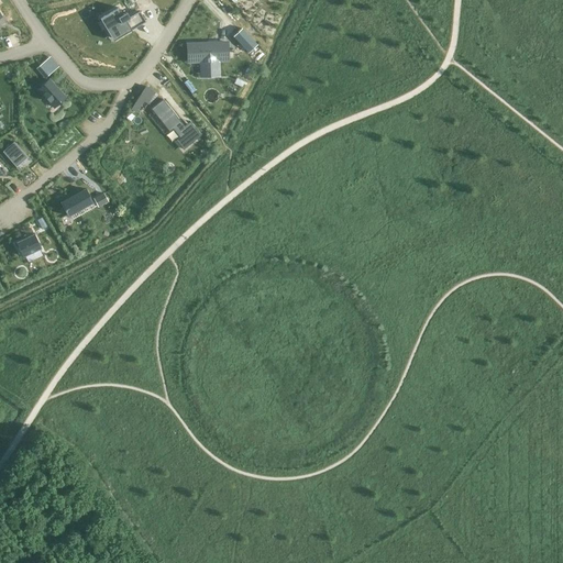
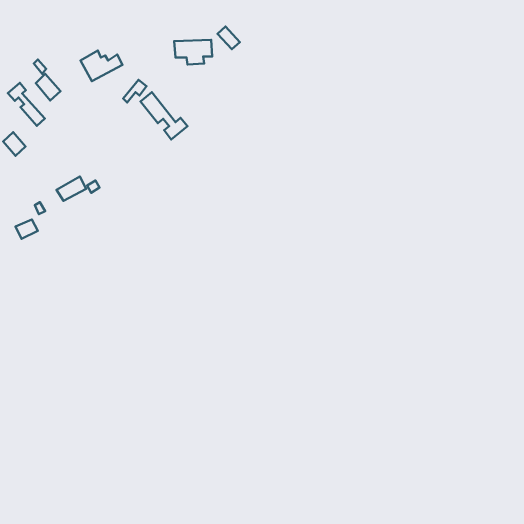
building: [99,7,144,40] -> [80,50,122,81]
building: none -> [8,83,45,126]

